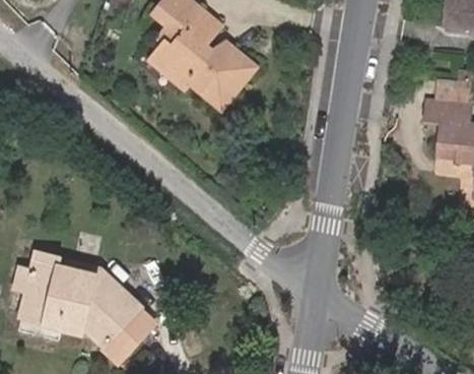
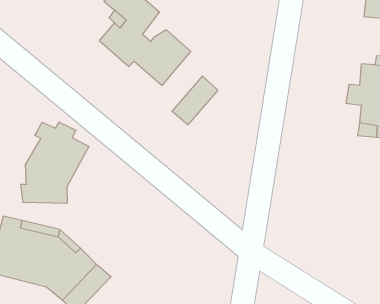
building: none -> [172,76,218,125]
building: none -> [21,122,89,203]

